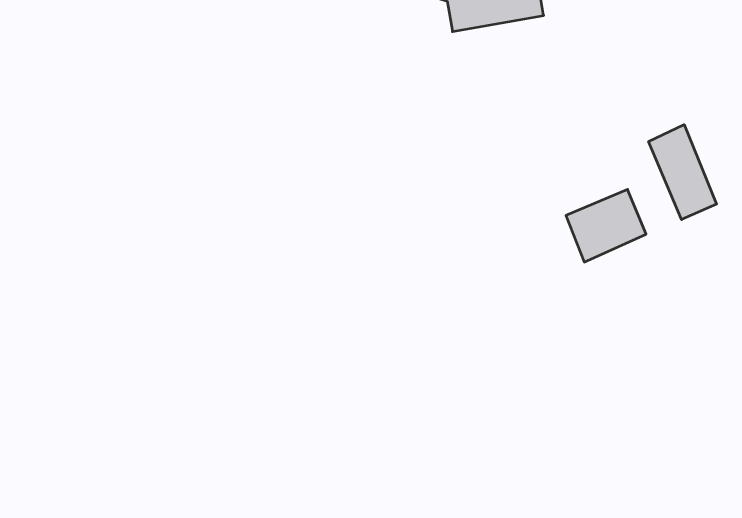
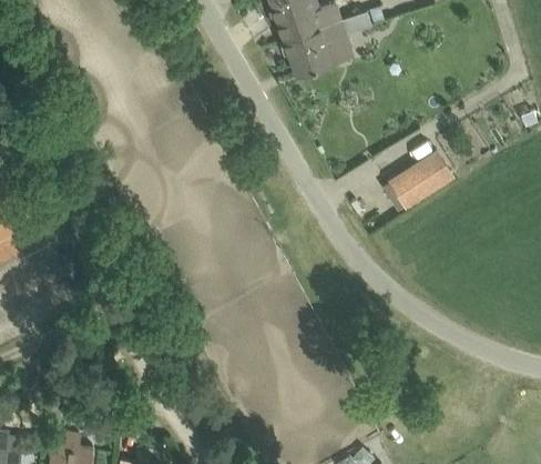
building: [649,125,717,220] -> none

